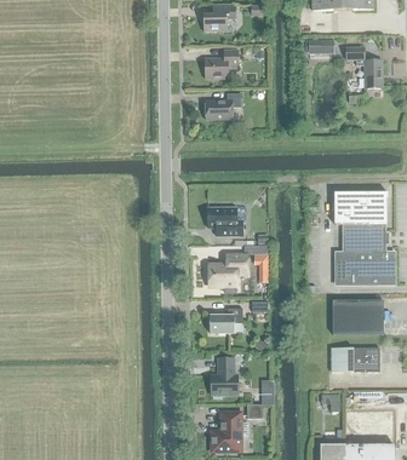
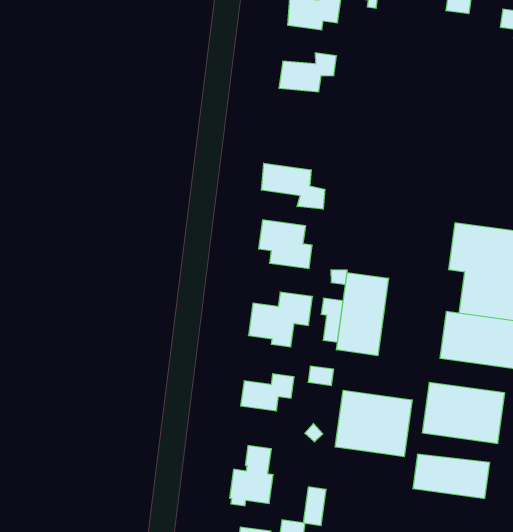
building: none -> [262,163,325,209]
building: none -> [336,272,389,356]
building: none -> [335,390,412,457]

